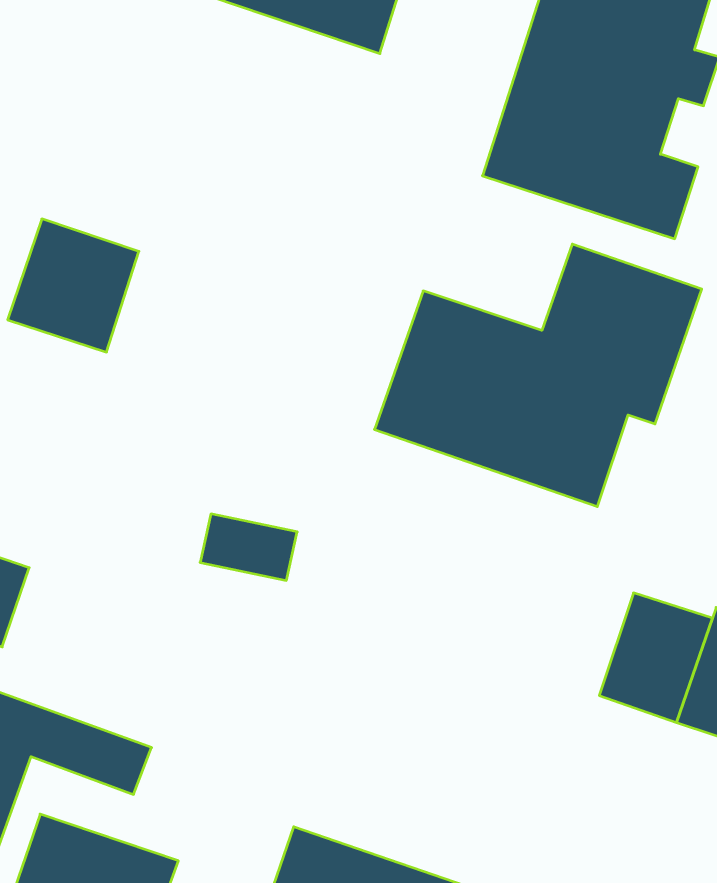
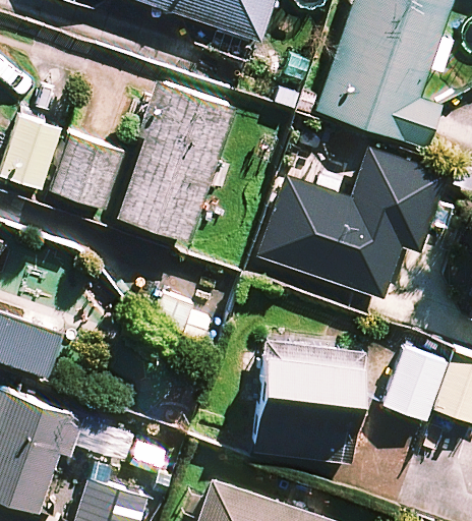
building: none -> [117,83,234,240]
building: none -> [253,343,363,463]

